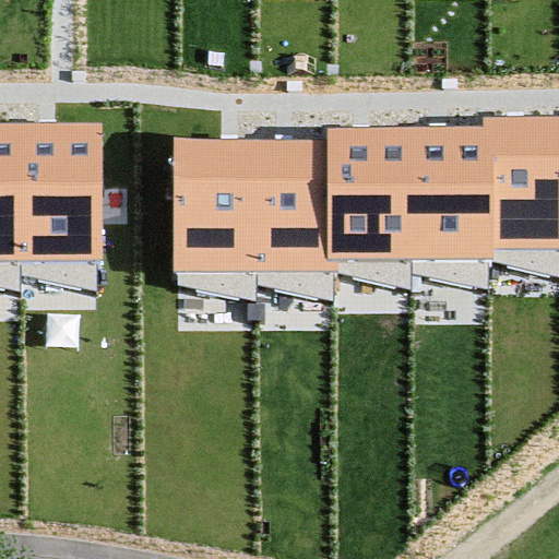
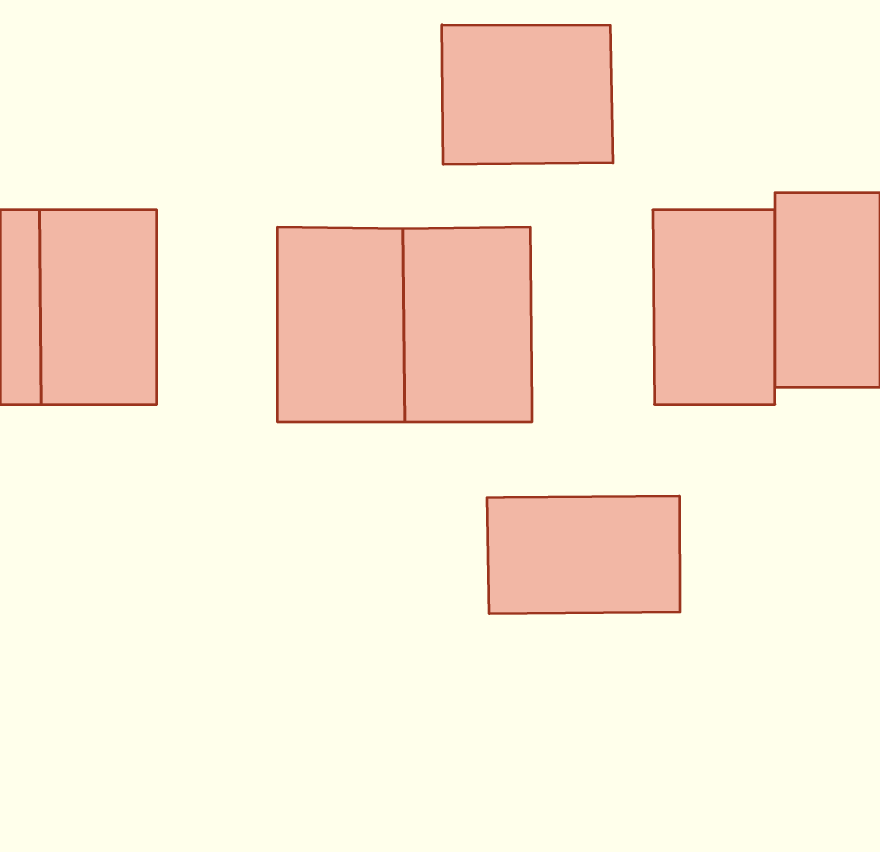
building: none -> [442,25,613,164]
building: [336,133,415,257] -> none
building: none -> [487,496,680,614]

